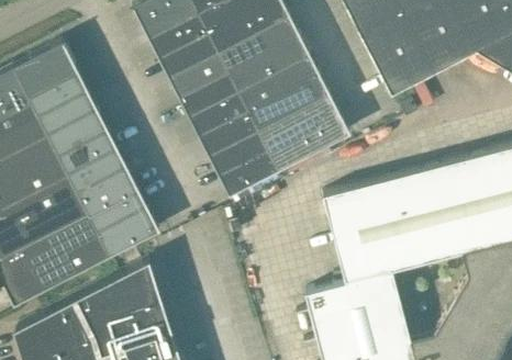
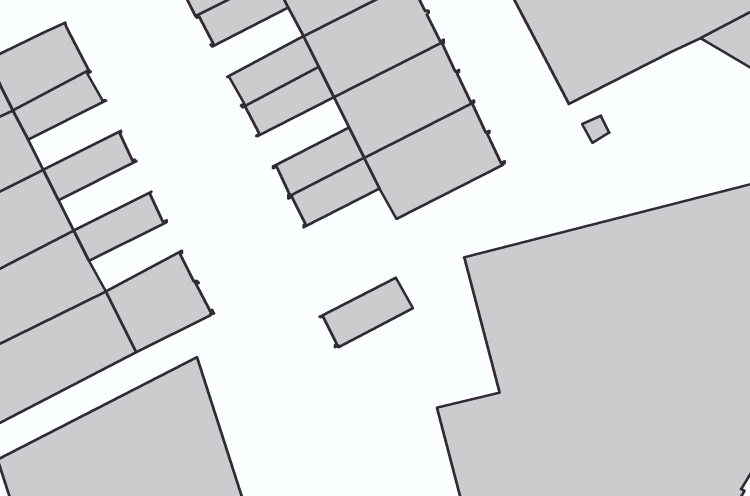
building: [158,33,218,78] -> none
building: [188,91,247,136] -> none
building: [38,93,99,138] -> none
building: [58,133,119,178] -> none
building: [218,150,278,195] -> [320,278,413,347]
building: [78,172,138,217] -> none

